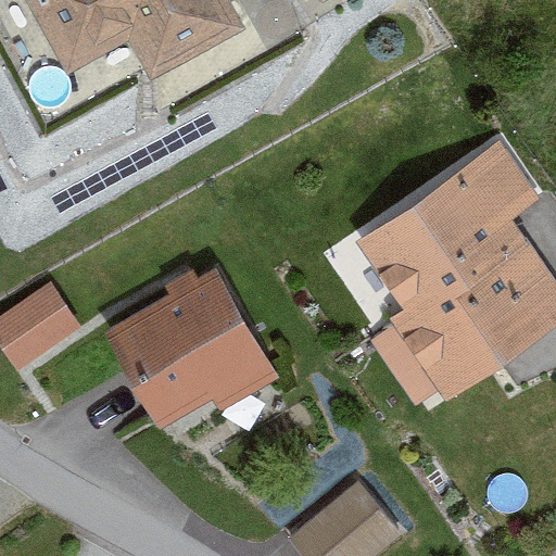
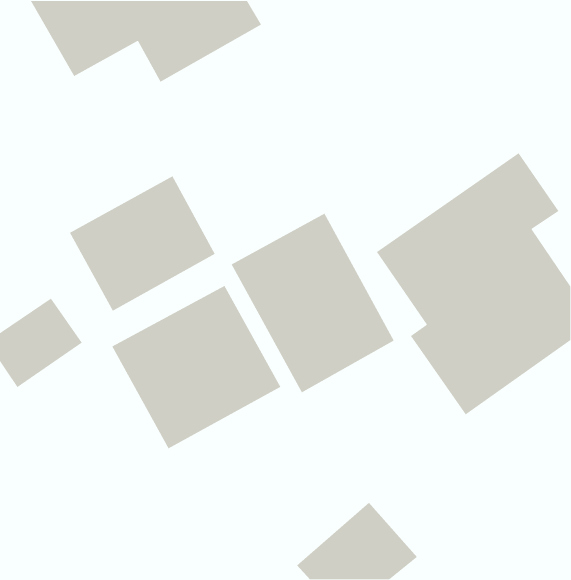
building: none -> [69,175,216,312]
building: none -> [231,213,395,393]

